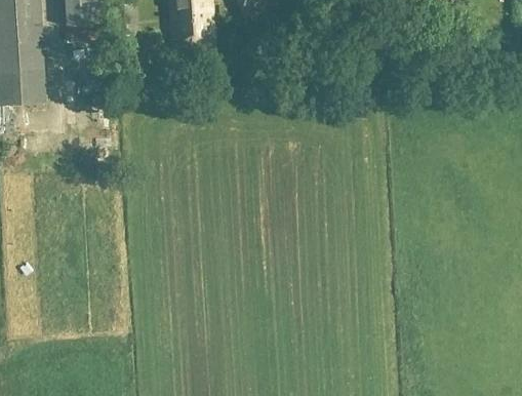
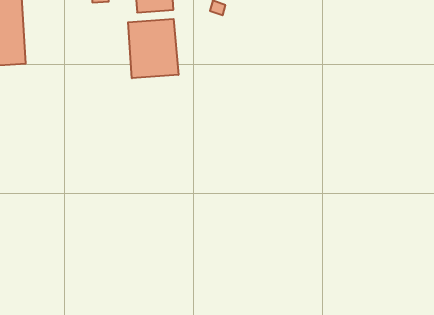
building: none -> [128,19,178,78]

